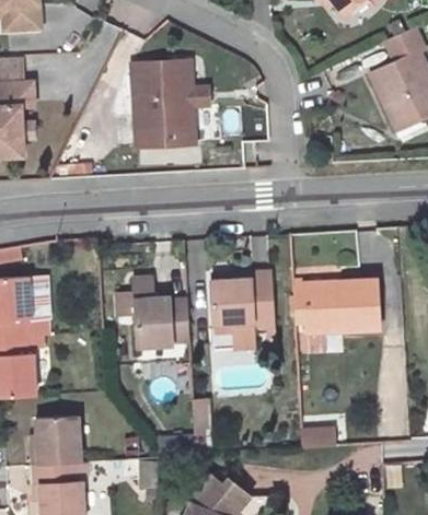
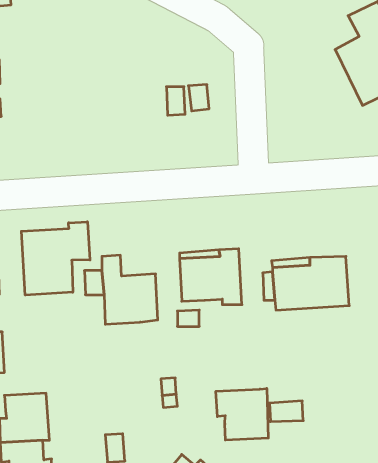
building: [131,61,200,147] -> none
building: none -> [21,222,90,295]
building: none -> [216,388,268,440]

